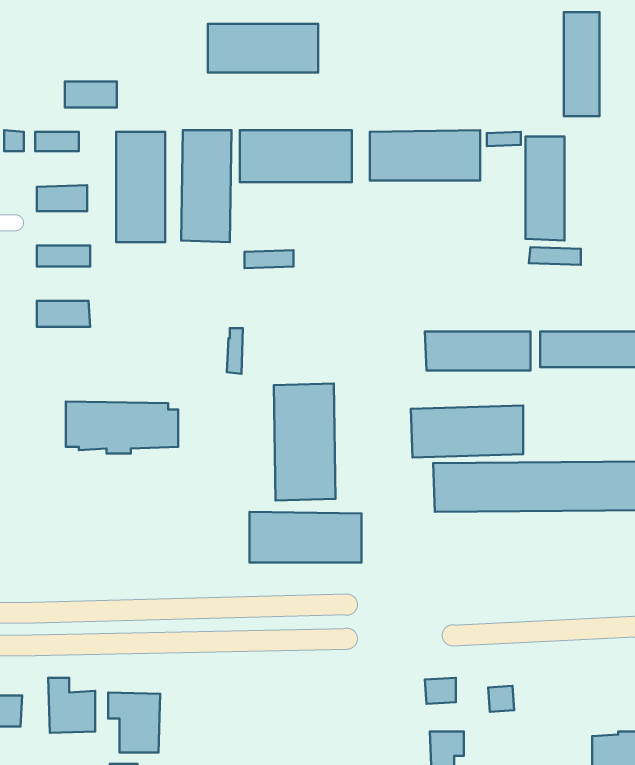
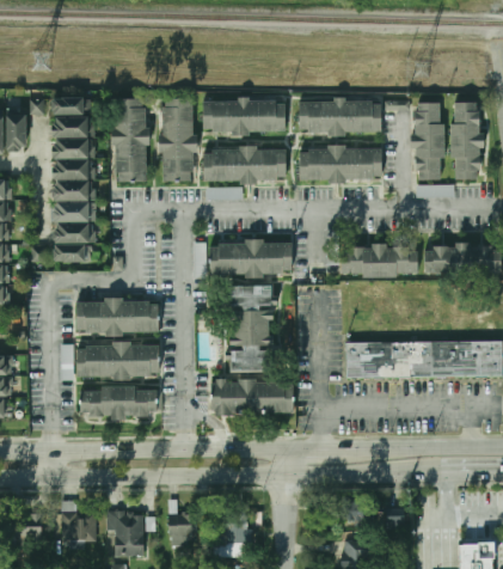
building: [564,12,600,116] -> [453,102,479,178]
building: [208,24,318,73] -> [203,147,284,183]
building: [65,82,117,108] -> [53,117,91,136]
building: none -> [299,146,380,183]
building: none -> [54,160,93,179]
building: none -> [54,201,93,222]
building: none -> [55,245,85,264]
building: [411,406,523,458] -> [209,239,292,277]
building: none -> [76,342,157,379]
building: none -> [79,386,158,416]
building: none -> [219,509,249,556]
building: none -> [170,513,197,546]

